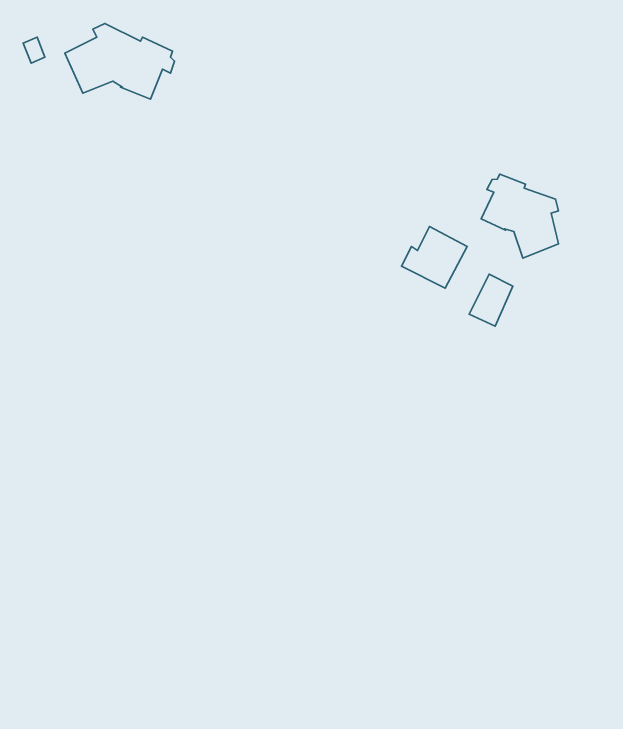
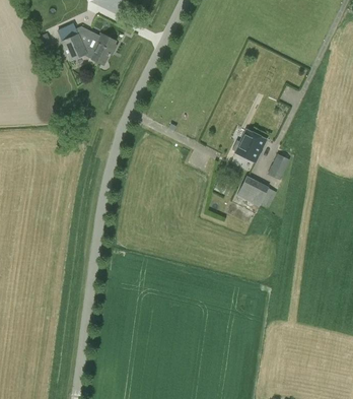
building: [481,174,559,258] -> none
building: none -> [236,175,276,206]

